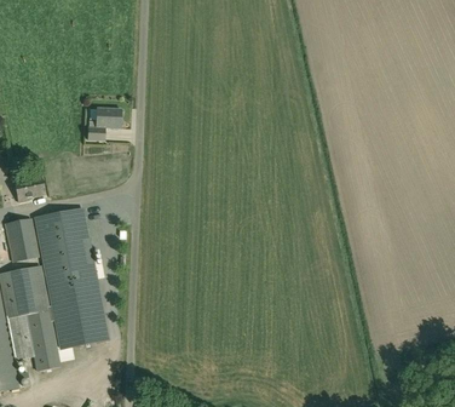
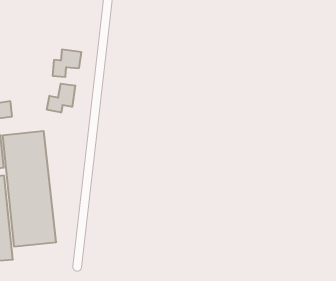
building: none -> [47,84,75,113]

